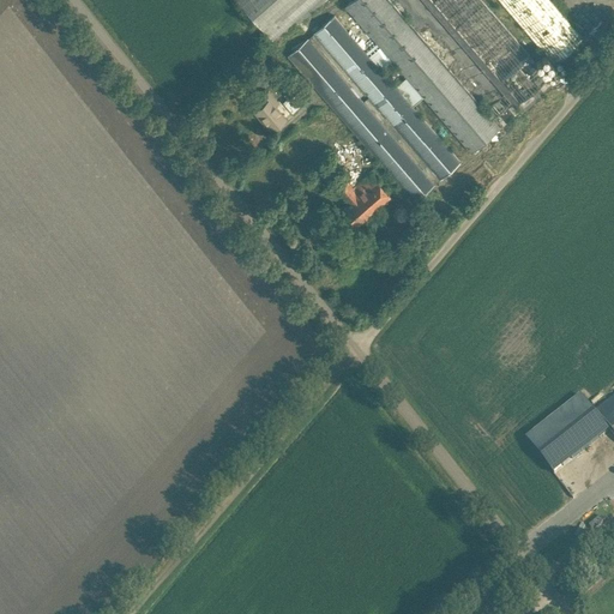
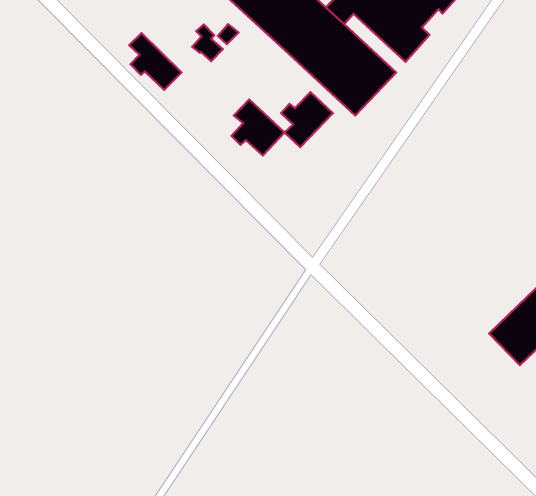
building: none -> [129,33,182,90]
building: none -> [231,100,285,156]

